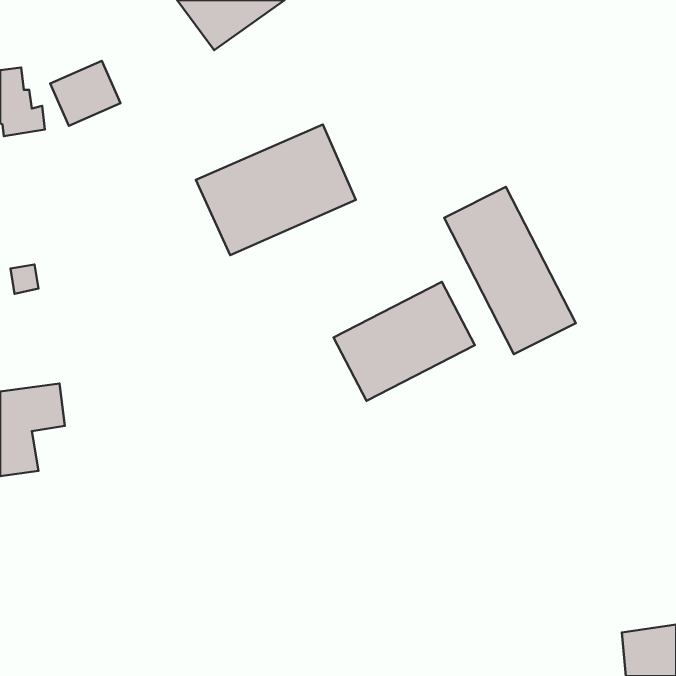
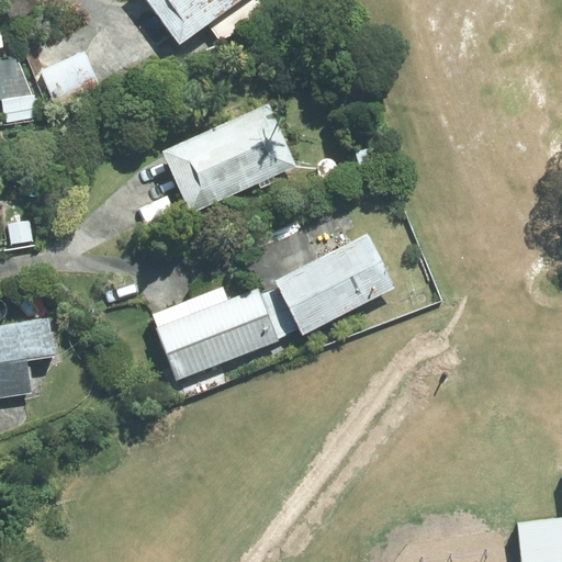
building: [444,187,576,354] -> none
building: none -> [150,286,278,379]

